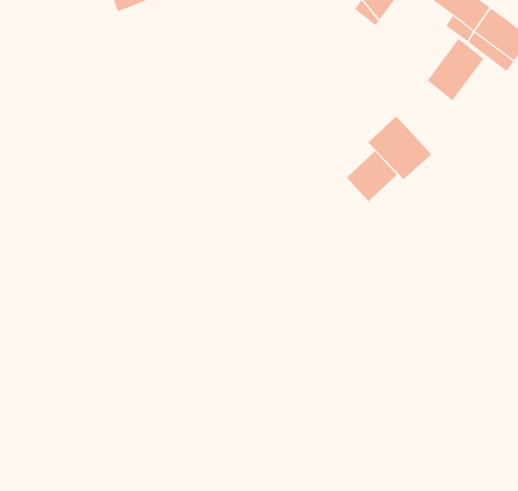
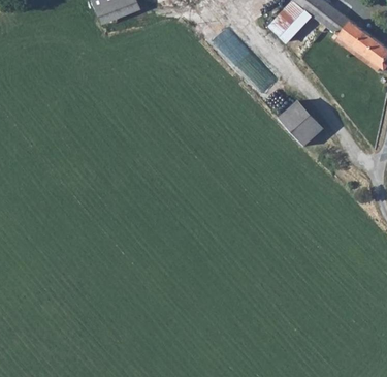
building: [427,38,484,101] -> none
building: [346,150,397,202] -> none

